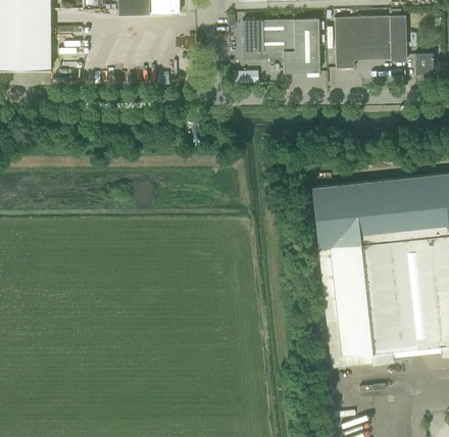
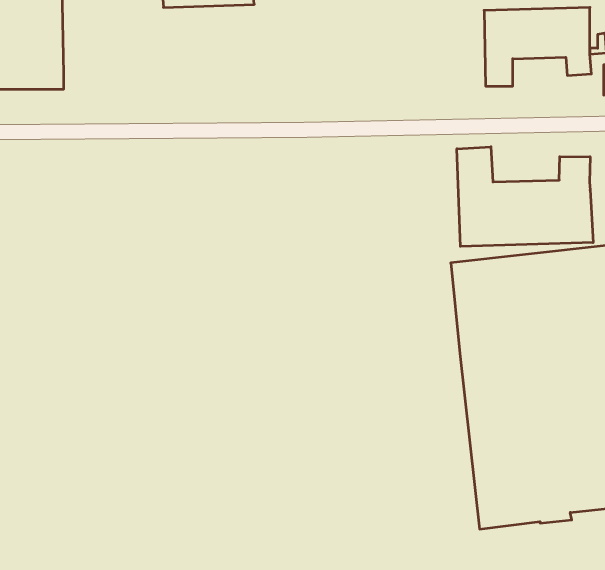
building: [243,17,319,72] -> none
building: none -> [457,147,593,246]

